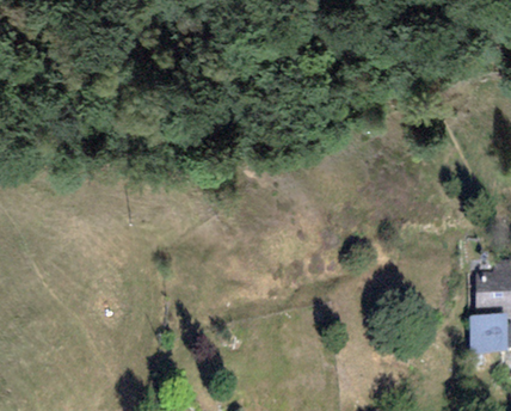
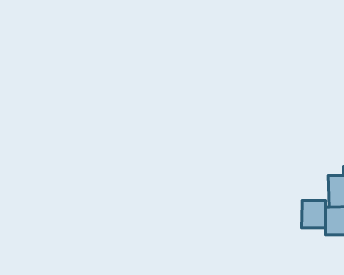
building: none -> [301,201,326,228]

